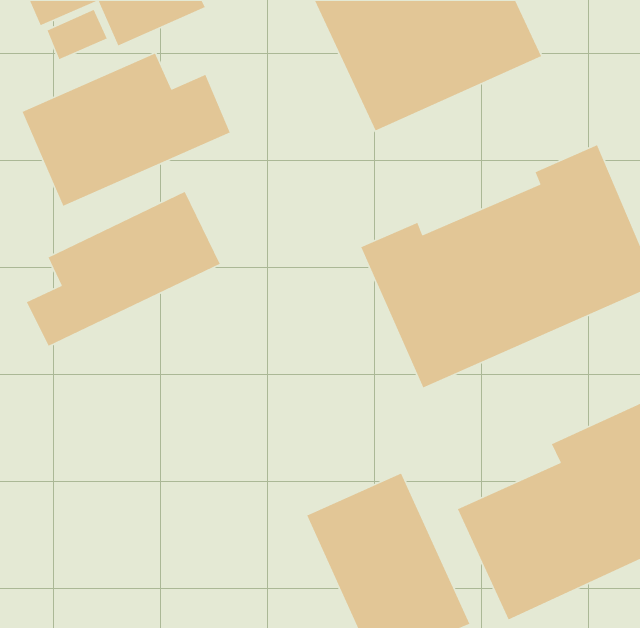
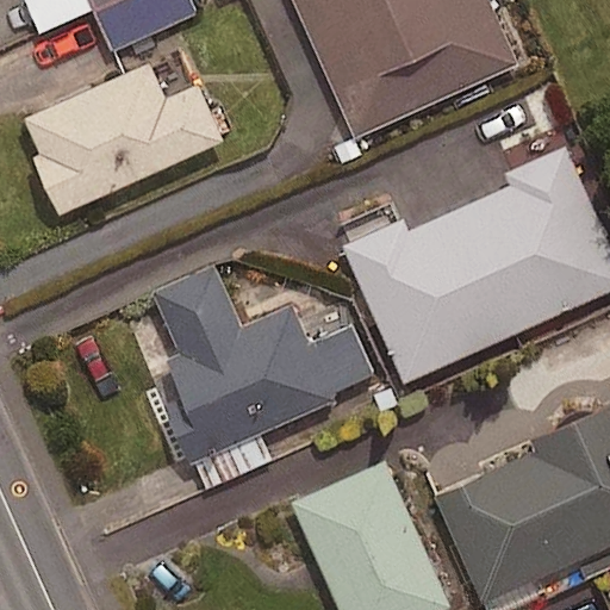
building: [26,191,221,347] -> none
building: none -> [144,267,376,493]

